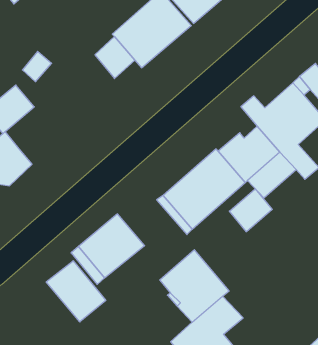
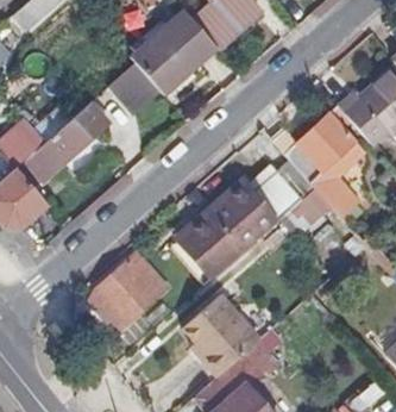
building: none -> [14,100,109,185]
building: [229,189,272,232] -> none
building: [46,261,106,322] -> none

